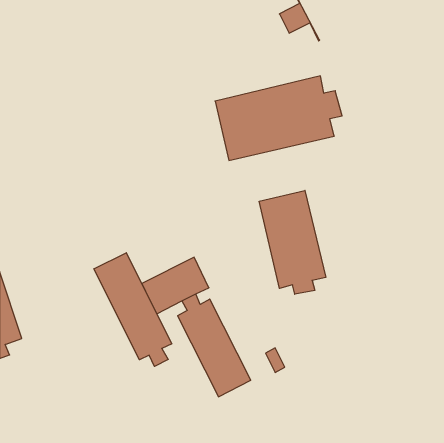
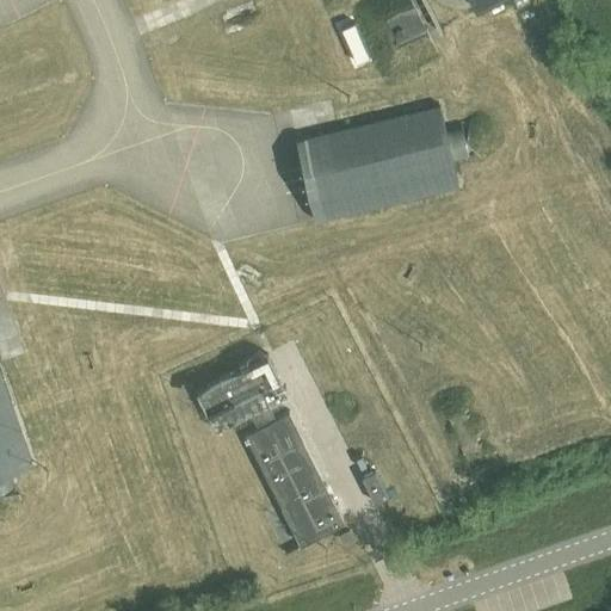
building: [259,190,326,294] -> none
building: [94,253,172,366] -> none

